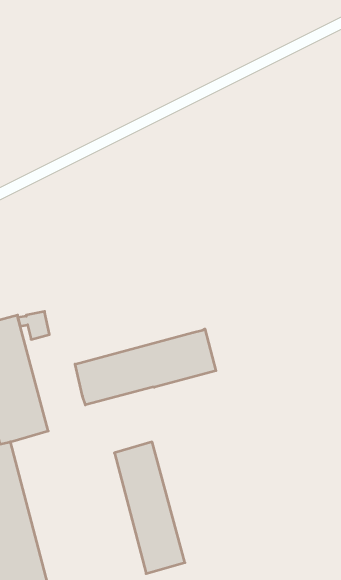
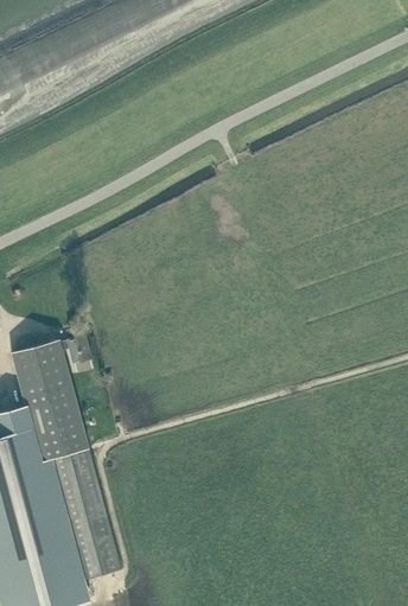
building: [75,329,216,405] -> none
building: [114,442,185,574] -> [50,452,119,580]

